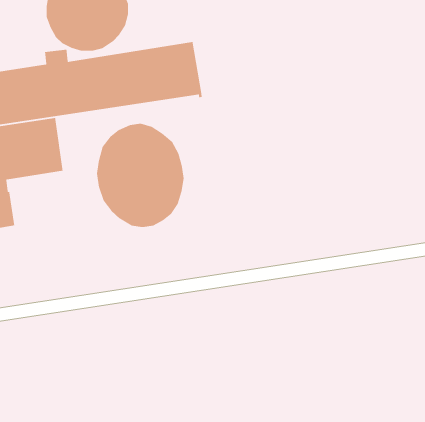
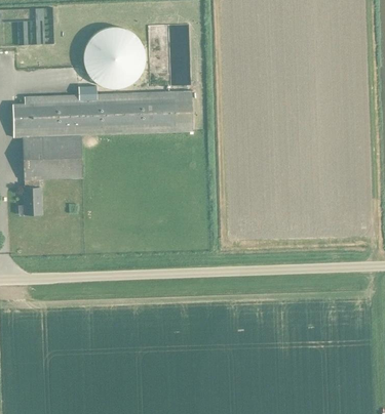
building: [96,123,185,228] -> none

